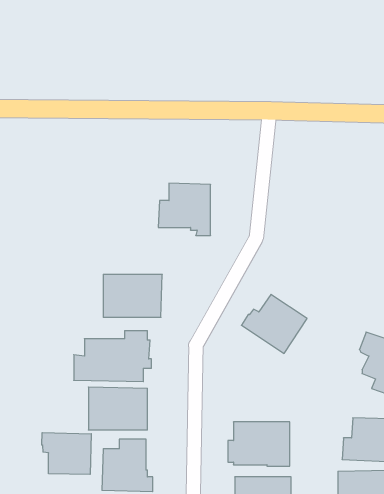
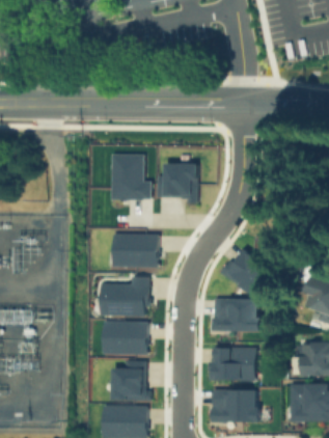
building: none -> [109,155,148,201]
building: none -> [211,299,261,331]
building: [42,433,91,474] -> none

